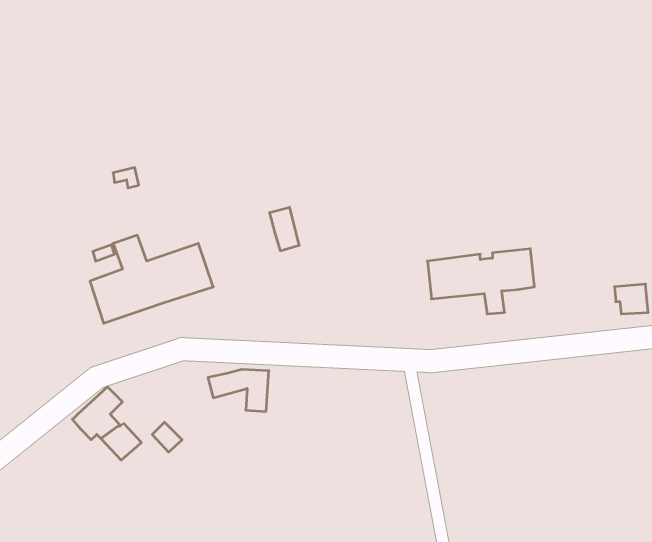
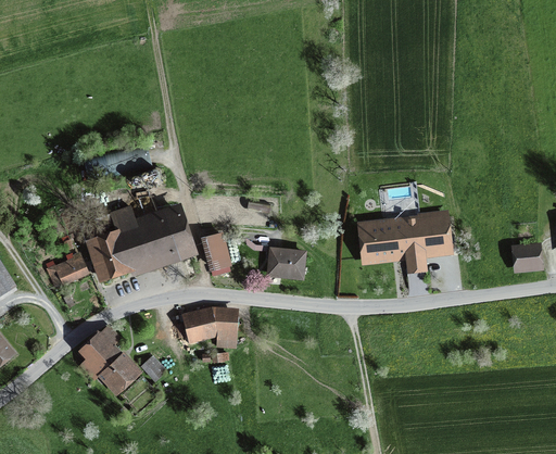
building: [269,207,299,251] -> [204,234,228,268]
building: none -> [268,249,303,275]
building: none -> [47,255,85,285]

